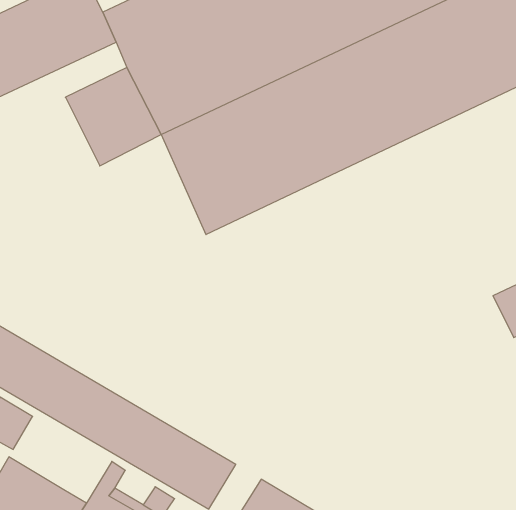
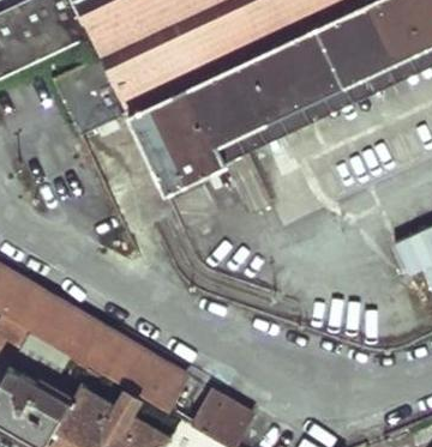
building: none -> [7,337,72,395]

